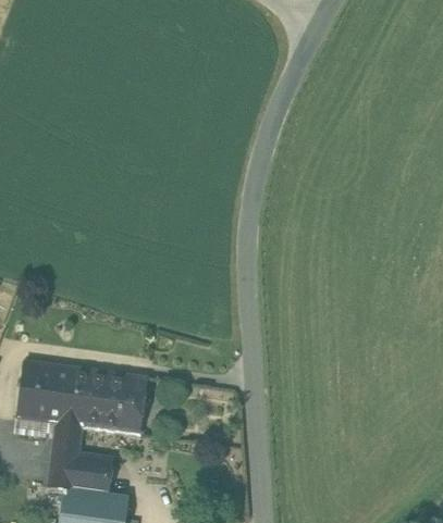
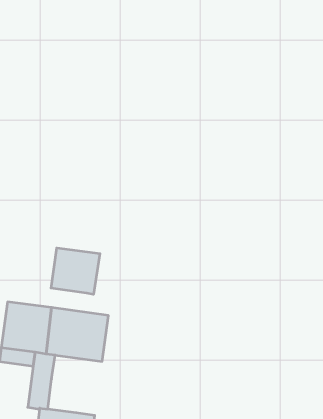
building: none -> [51,248,100,294]
building: [73,454,112,495] -> none

